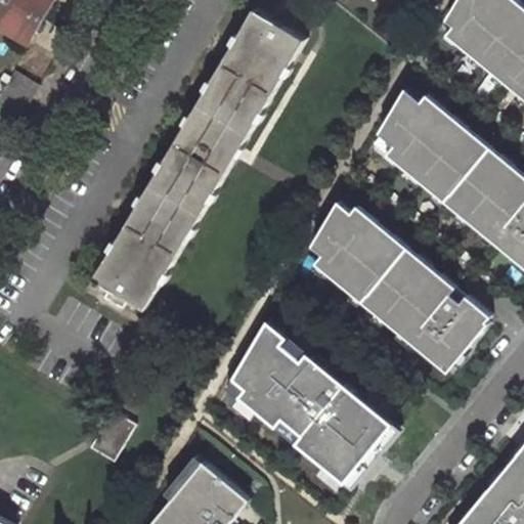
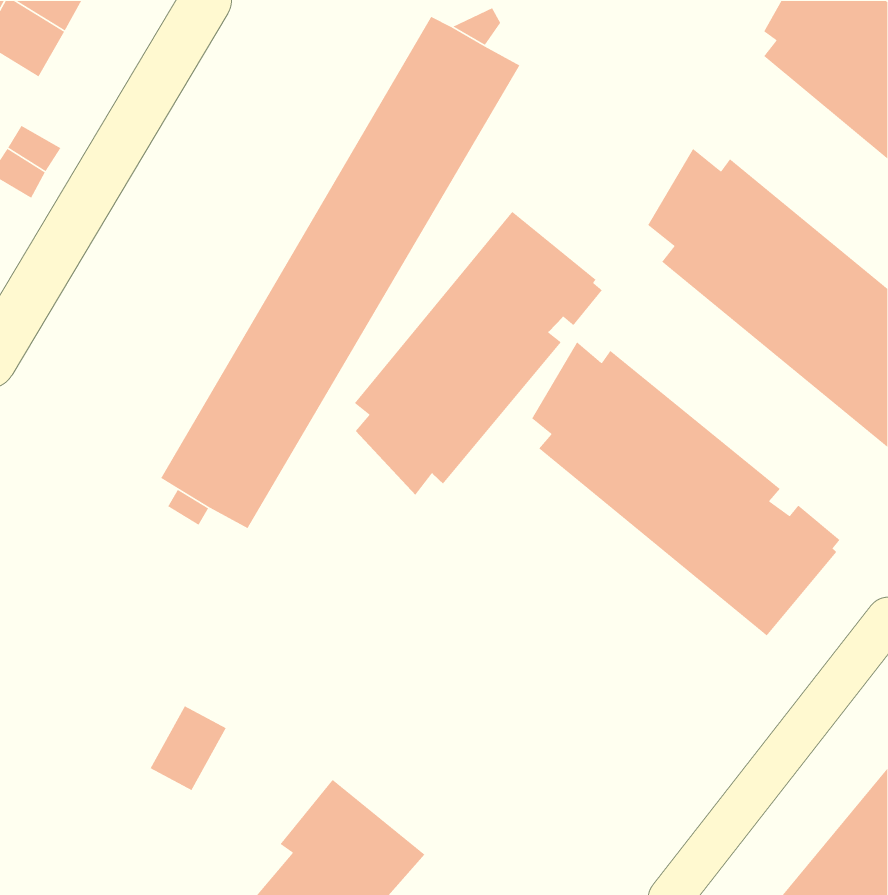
building: none -> [354,211,603,496]
building: [232,319,394,484] -> none

